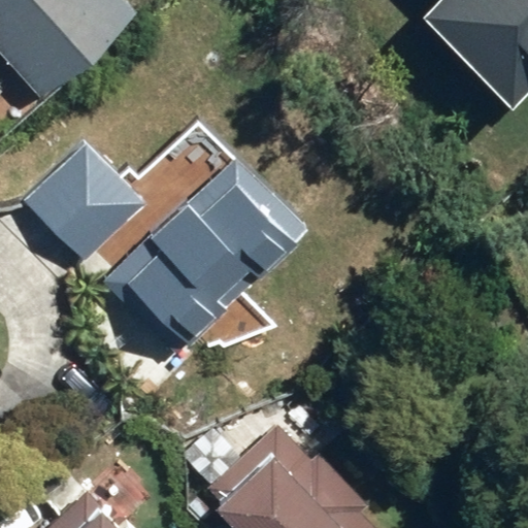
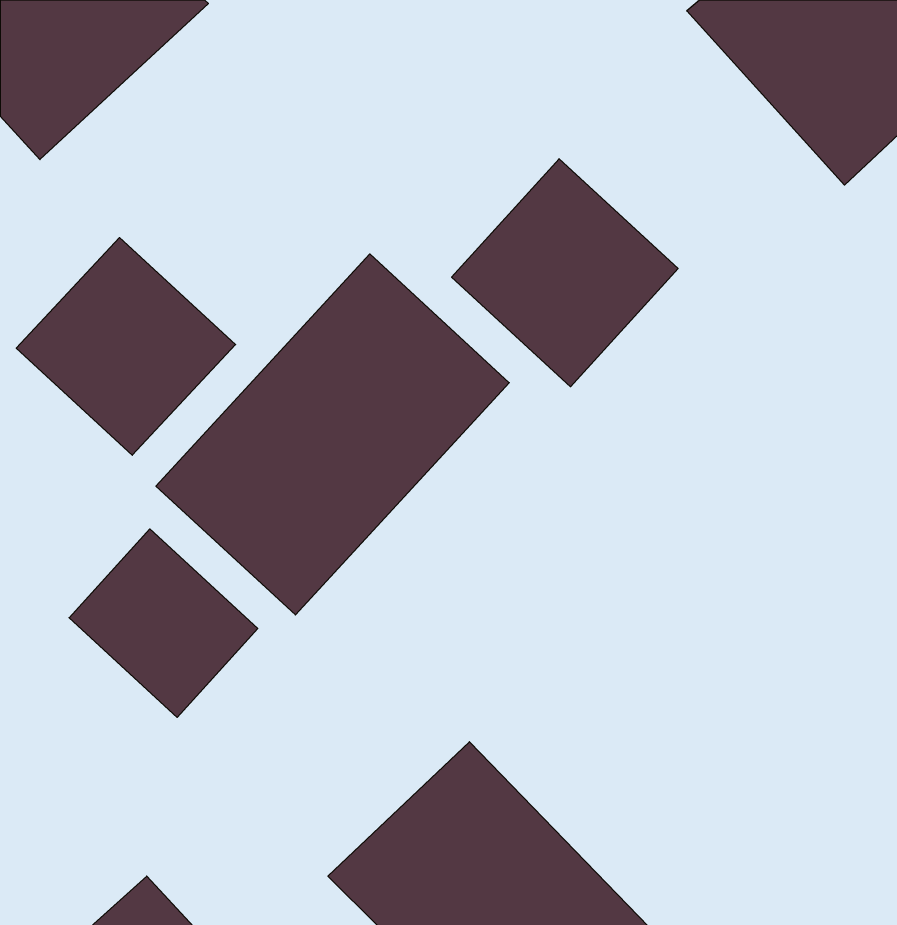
building: none -> [452,159,678,387]
building: none -> [69,529,258,717]

